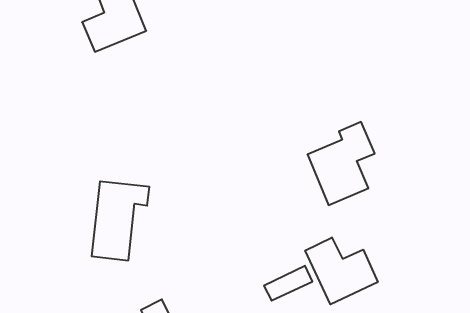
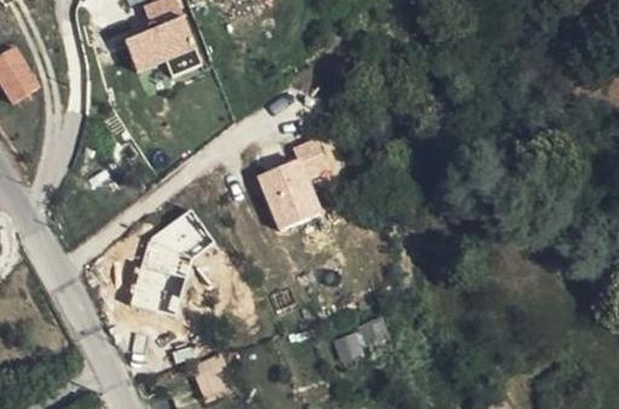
building: [307,122,375,205] -> [258,136,335,231]
building: [305,237,378,304] -> none

